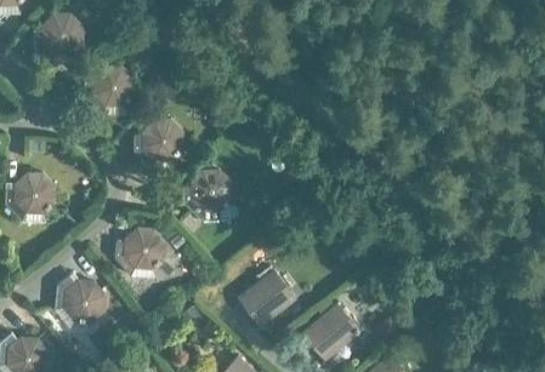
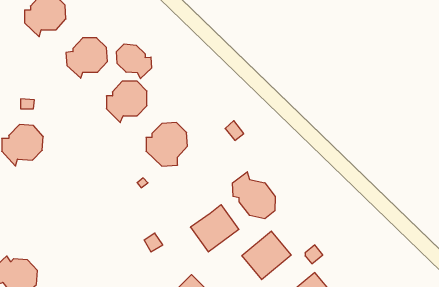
building: none -> [117,44,152,79]
building: [114,227,165,276] -> none
building: none -> [233,172,275,219]
building: [53,275,106,324] -> none

